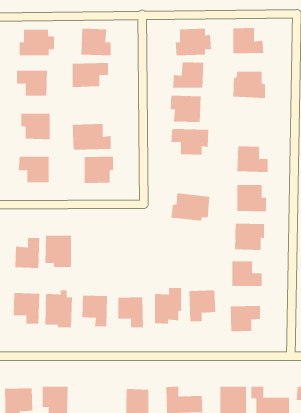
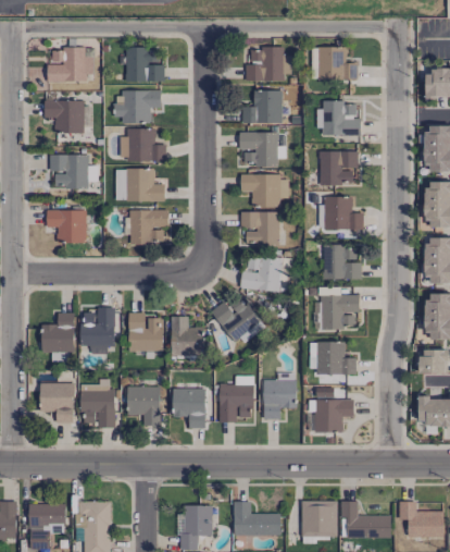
building: none -> [120,127,165,161]
building: none -> [318,150,358,185]
building: none -> [239,211,278,246]
building: none -> [210,296,263,345]
building: none -> [127,314,162,351]
building: none -> [171,316,203,356]

